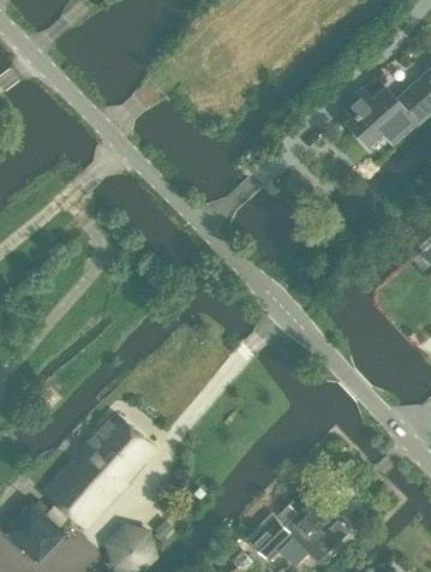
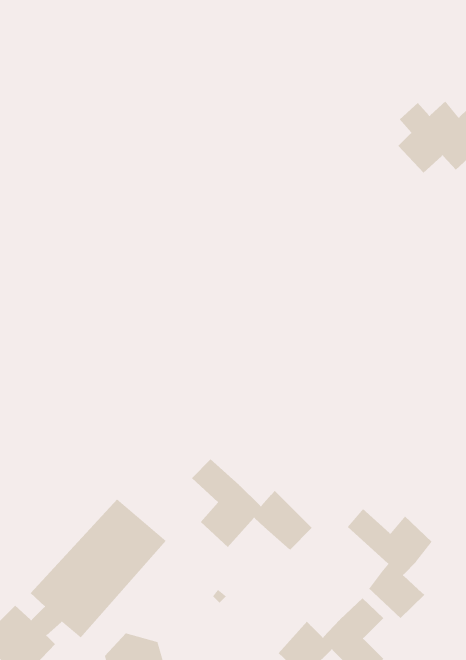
building: none -> [191,459,312,551]
building: none -> [347,508,433,619]

